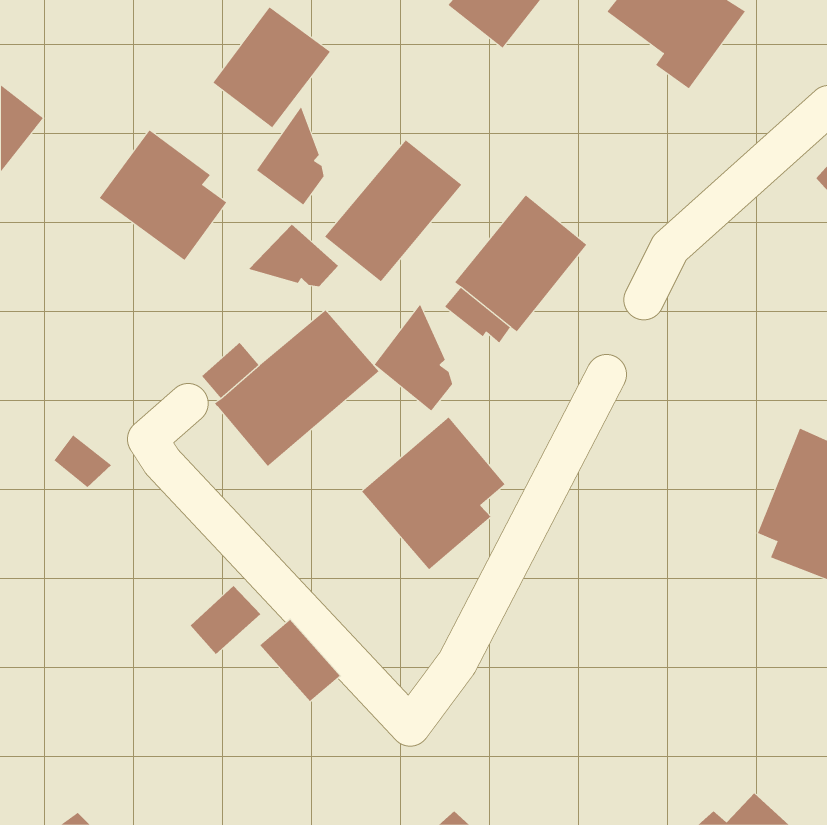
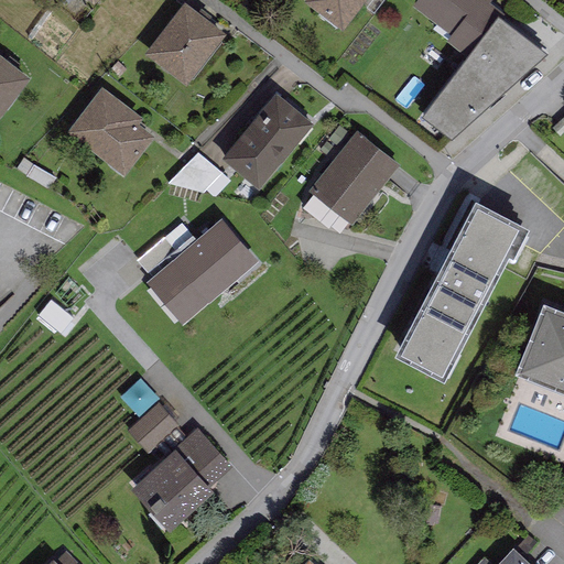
building: none -> [422,20,547,142]
building: [256,106,324,206] -> none
building: none -> [395,185,529,365]
building: [374,304,453,411] -> none
building: [361,417,506,570] -> none
building: none -> [133,438,215,520]

